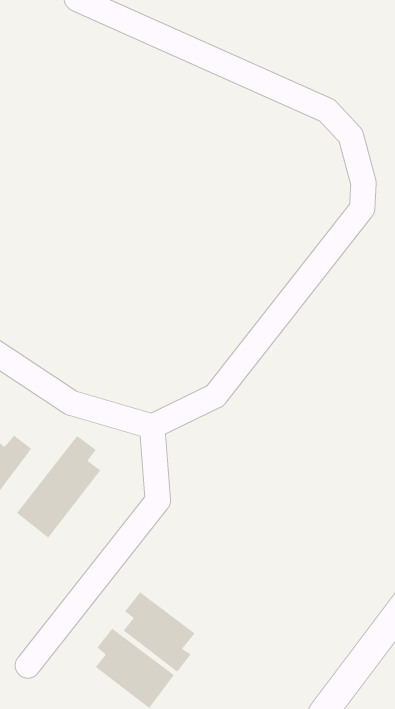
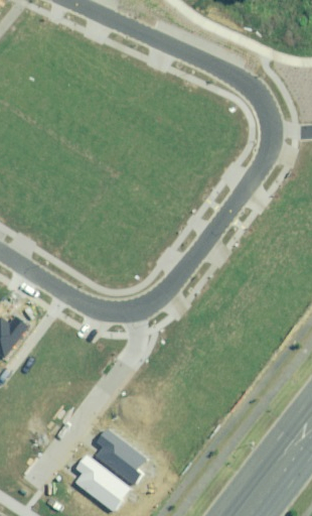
building: [16,435,101,538] -> none

